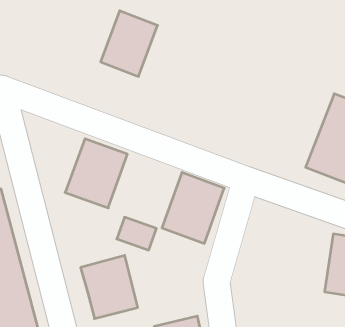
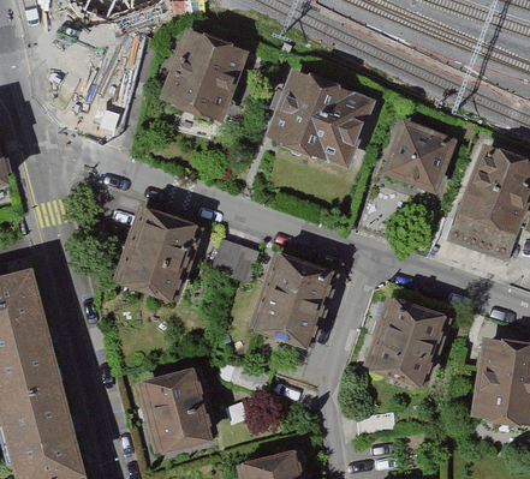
building: none -> [267,68,370,163]
building: none -> [388,122,452,185]
building: none -> [371,294,451,385]
building: [117,217,156,250] -> [208,243,263,288]

